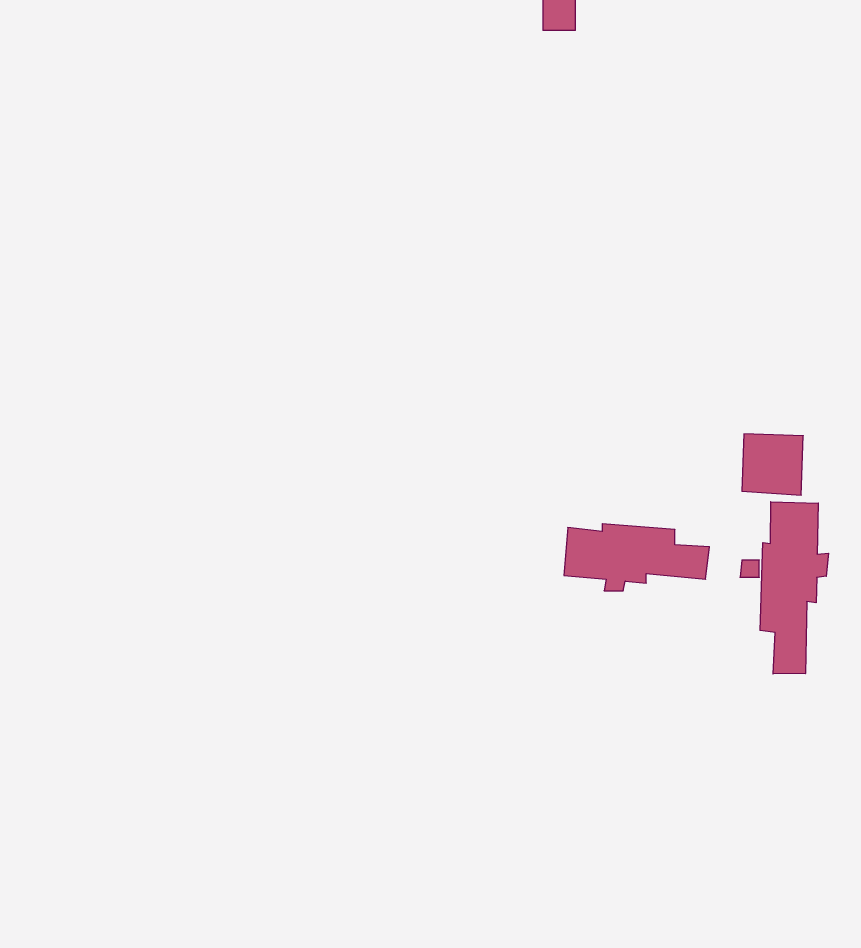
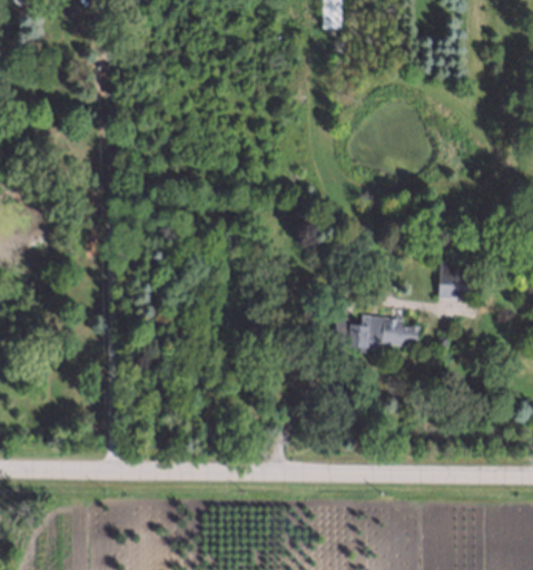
building: [760,502,829,674] -> none

